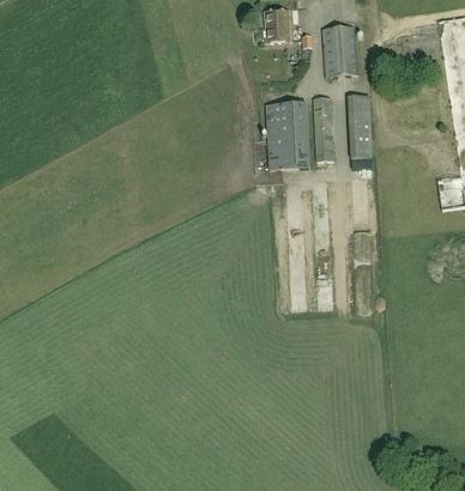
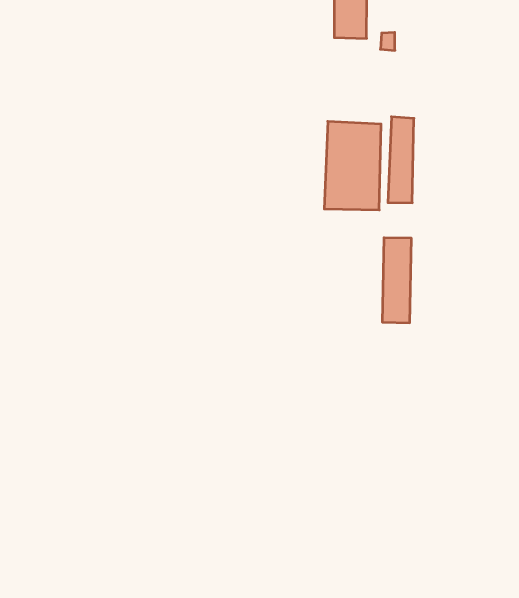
building: [321,26,357,75] -> none
building: [348,95,372,158] -> [382,238,411,323]

